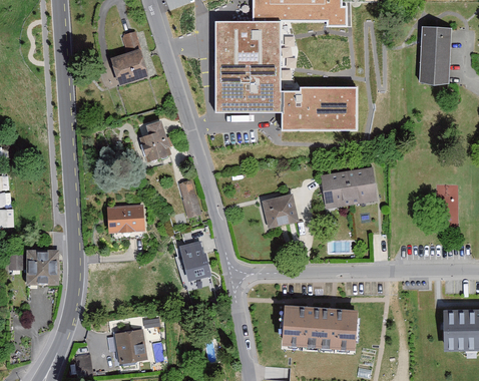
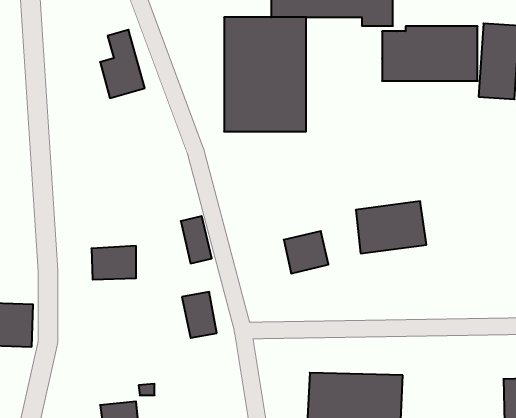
building: [280,86,357,130] -> [382,26,478,81]
building: [143,118,171,157] -> none

